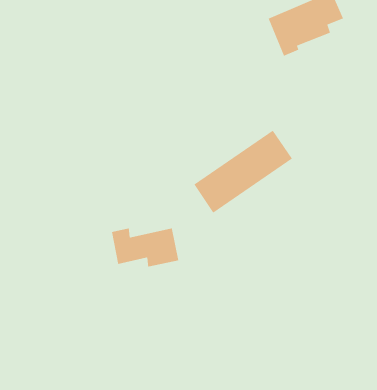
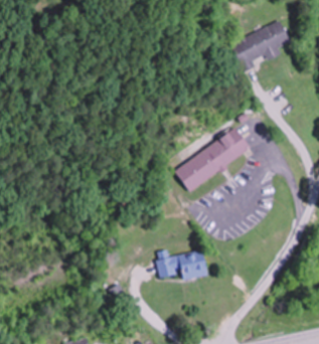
building: [111,228,179,267] -> [155,249,207,280]

